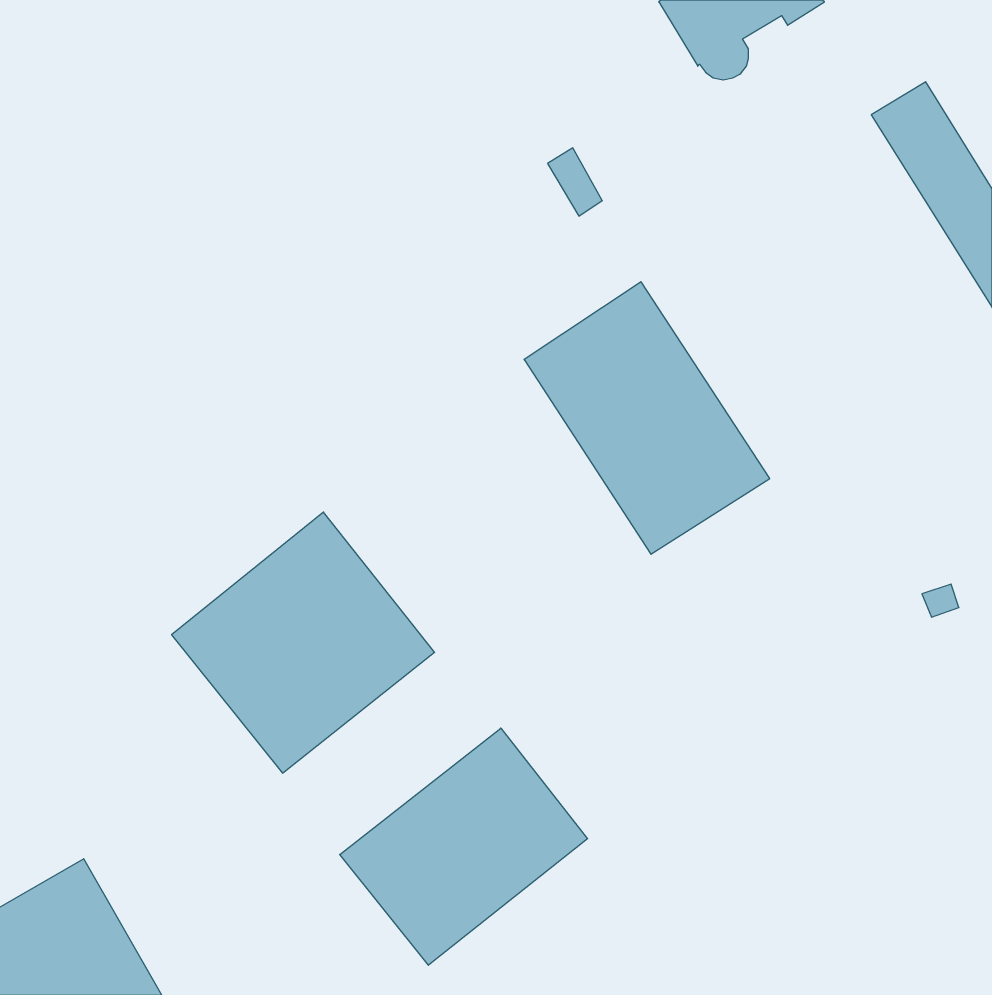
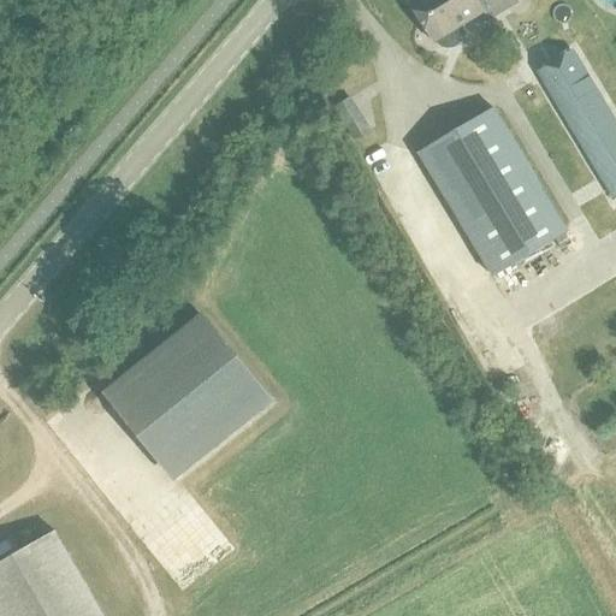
building: [524,282,770,554] -> [417,106,569,274]
building: [340,728,588,965] -> none

